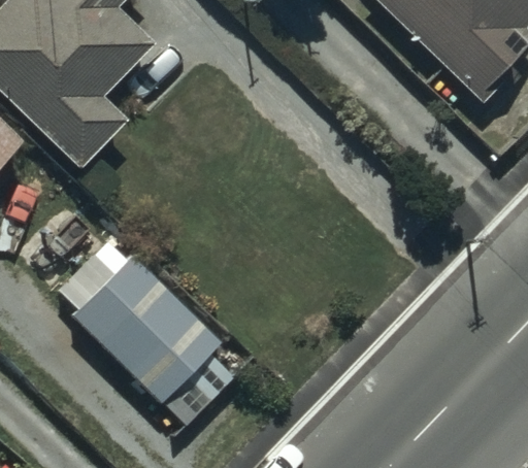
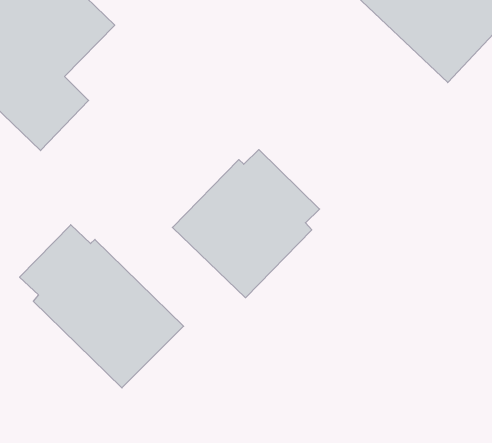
building: none -> [172,150,320,298]

